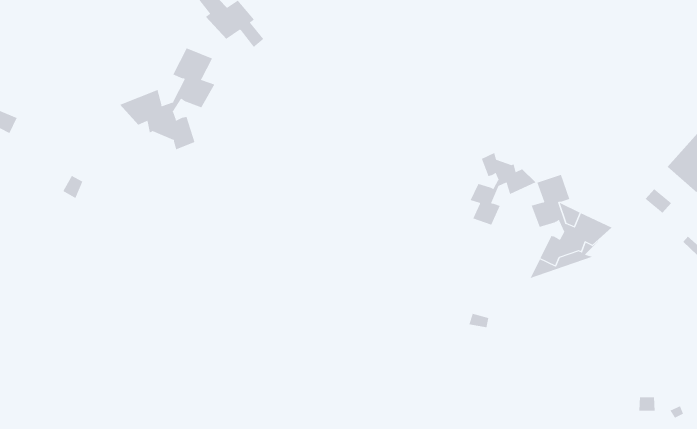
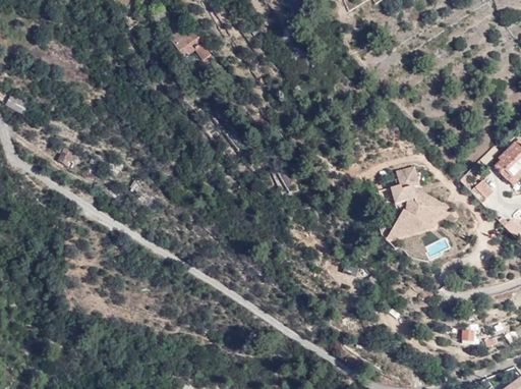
building: [119,48,215,150] -> none
building: [470,152,537,225] -> none

